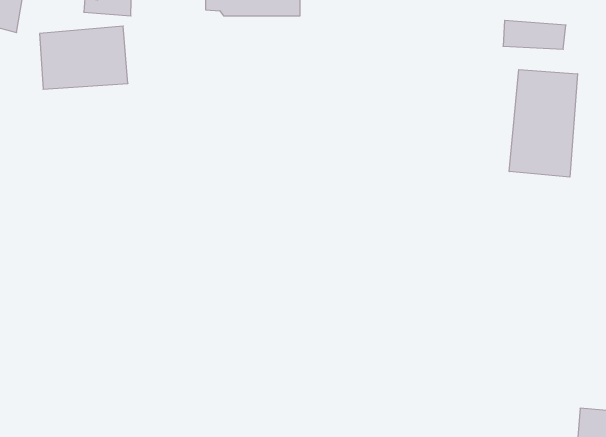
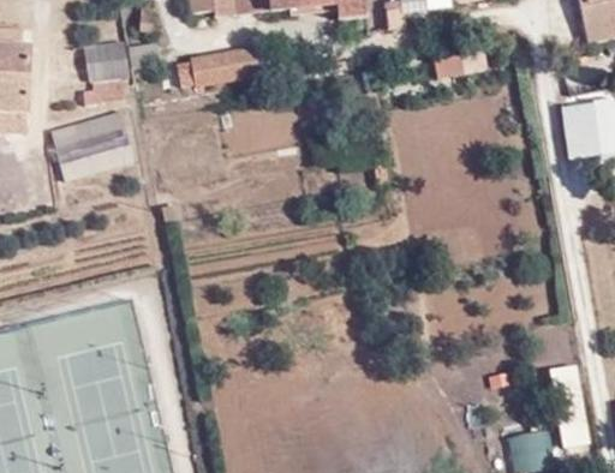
building: [509,70,578,177] -> none

